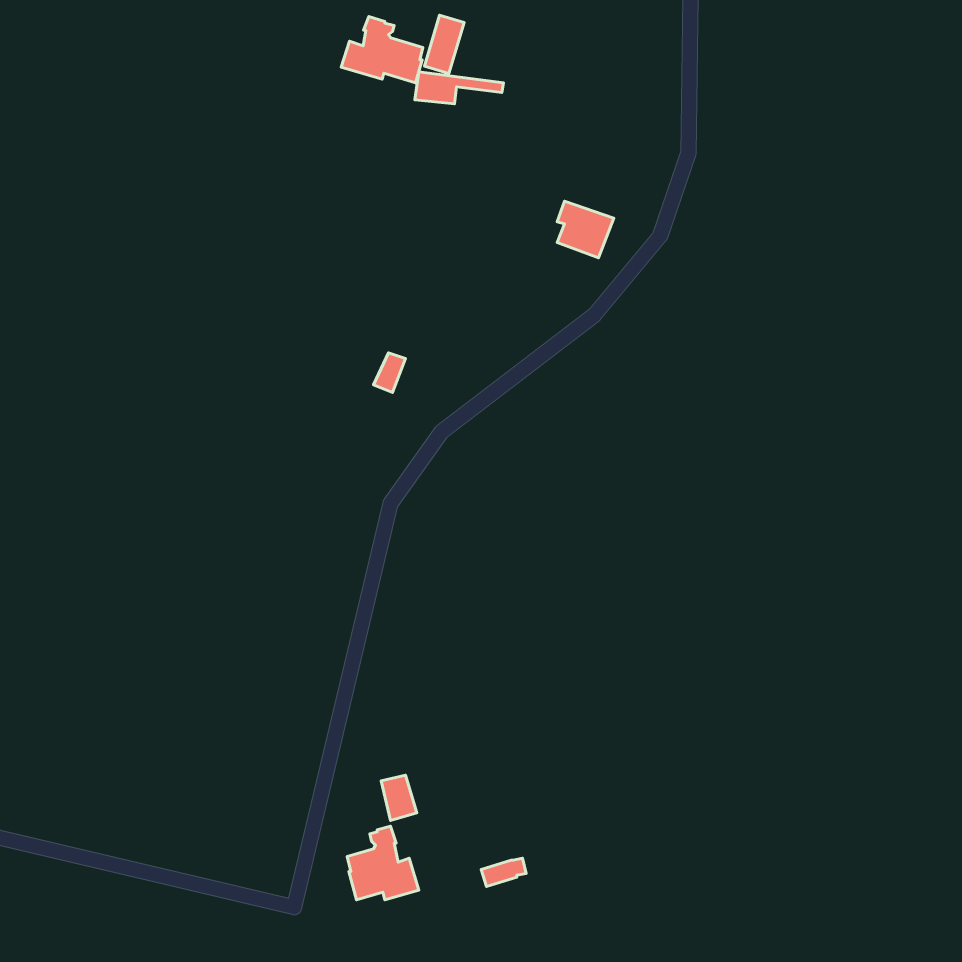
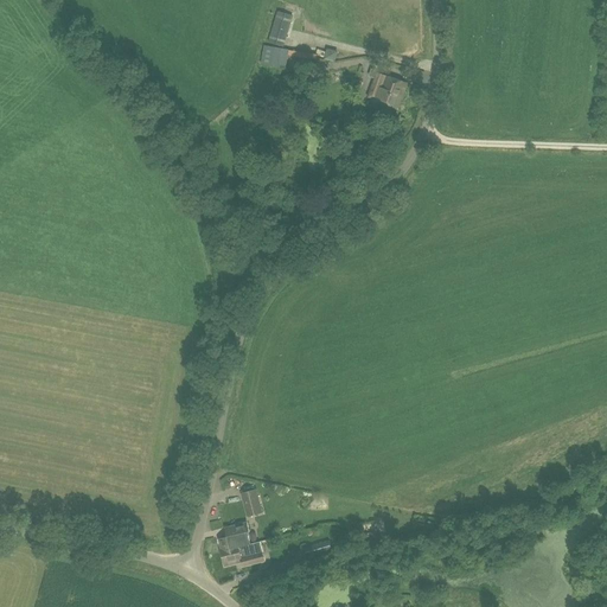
building: [341,17,423,83] -> none
building: [557,201,614,258] -> [370,71,405,107]

